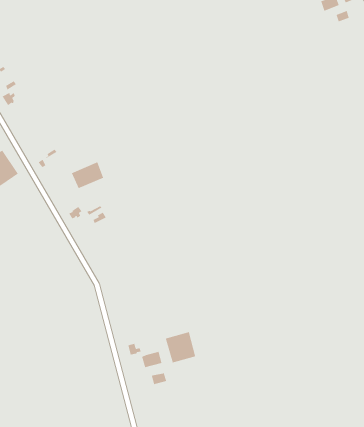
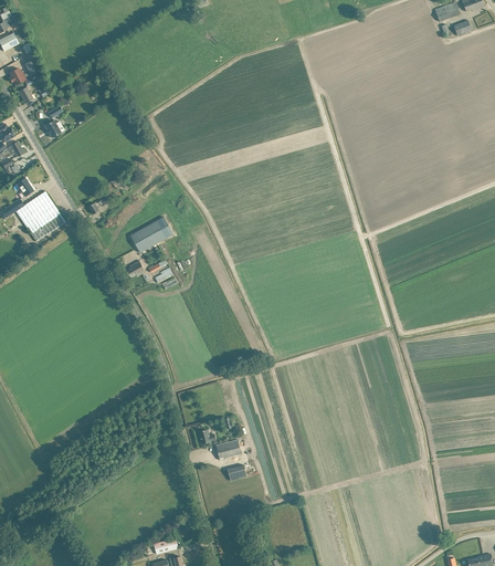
building: [165,331,196,363] -> none

